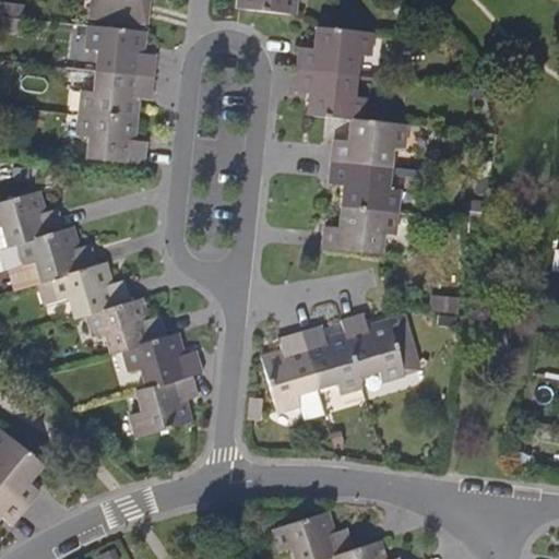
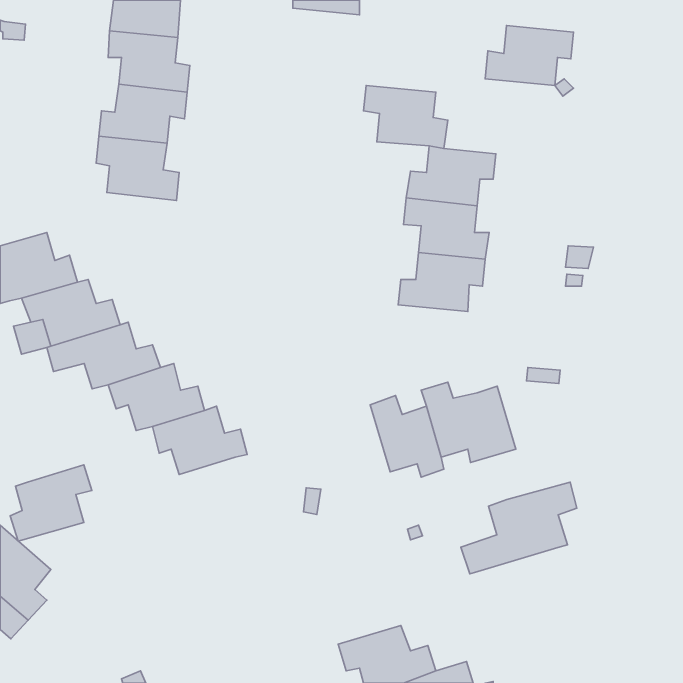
building: [299,26,371,75] -> [485,25,573,86]
building: [264,331,326,418] -> none
building: [132,373,199,436] -> [10,465,92,541]
building: none -> [461,482,577,574]

